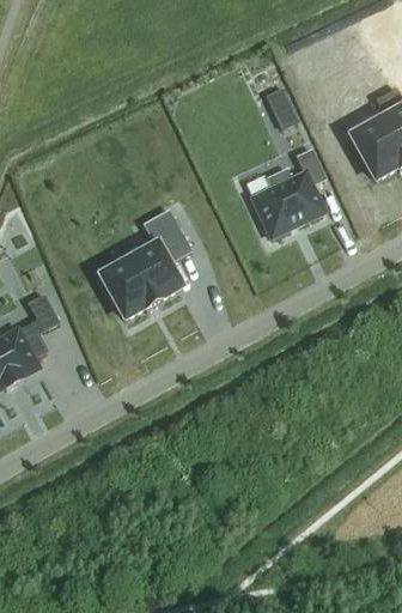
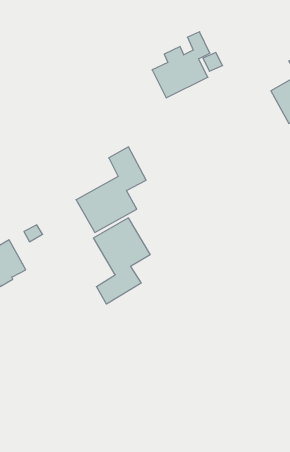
building: [252,153,327,238] -> [152,32,210,98]
building: none -> [93,218,150,304]

